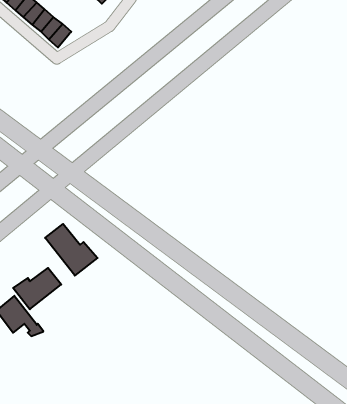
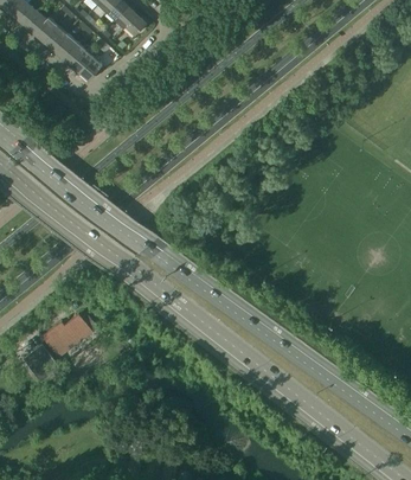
building: [45,224,98,276] -> none

